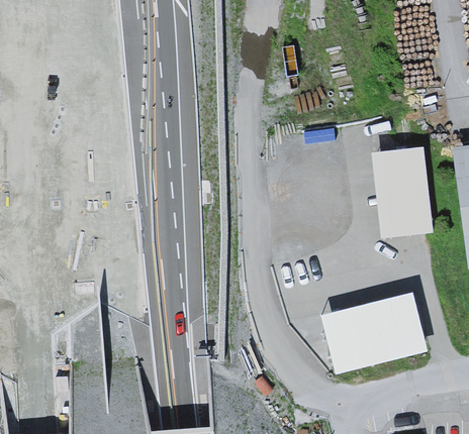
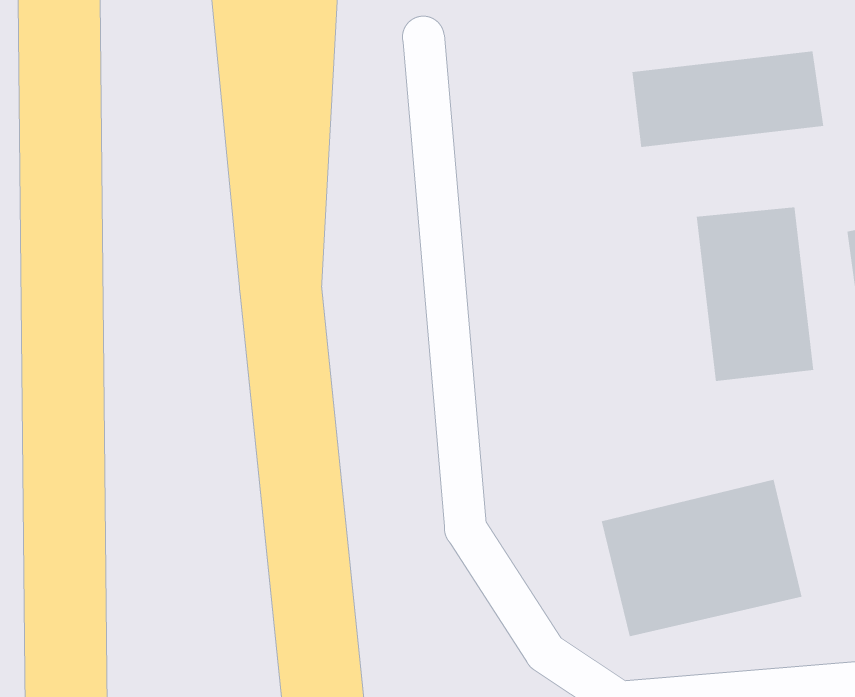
building: none -> [632,51,824,148]

